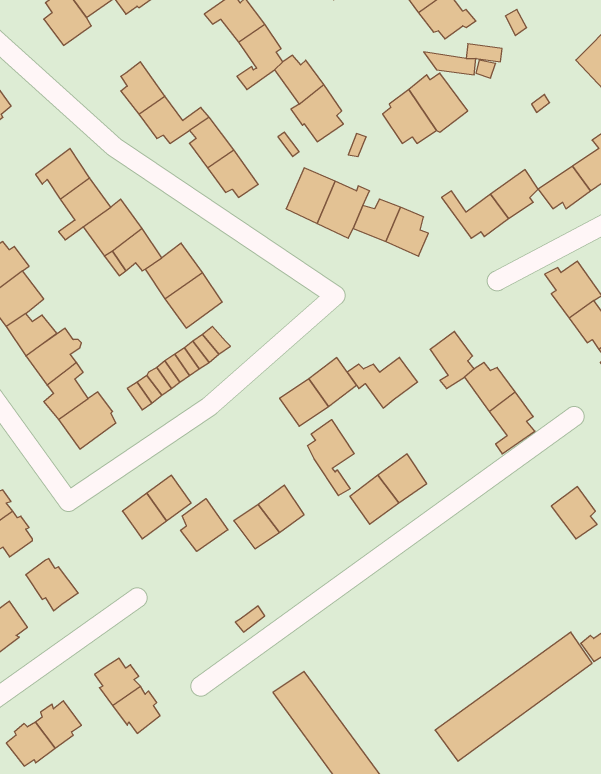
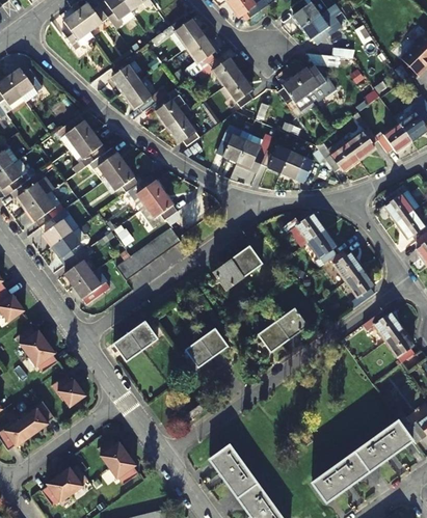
building: [347,357,418,408] -> [279,214,324,246]
building: [308,420,354,496] -> none
building: none -> [363,308,402,340]
building: [181,499,228,551] -> none

